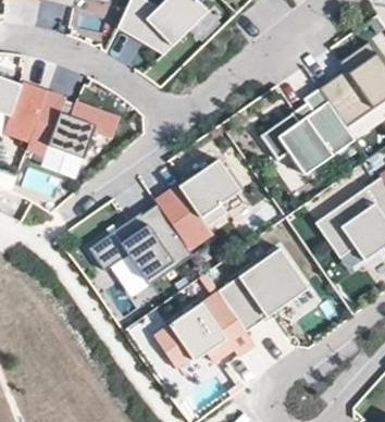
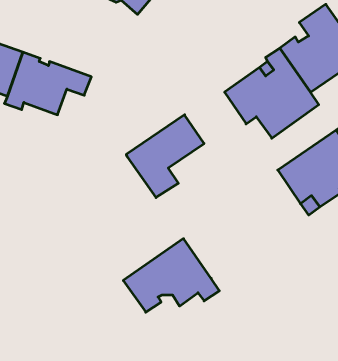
building: [89,203,194,285] -> none
building: [218,247,310,333] -> none

